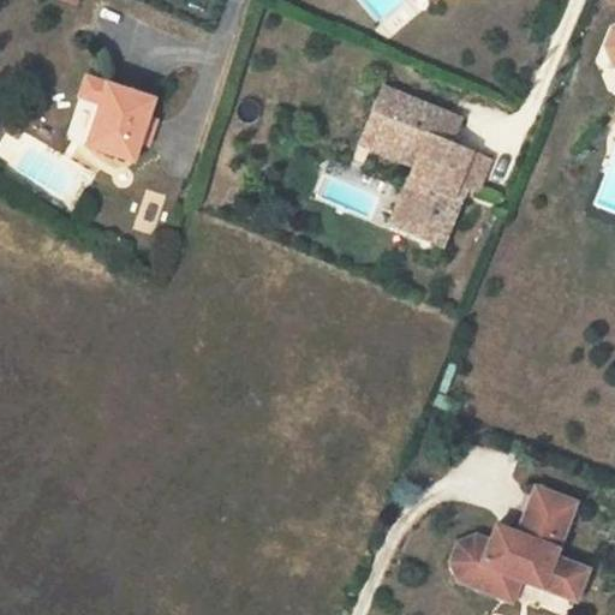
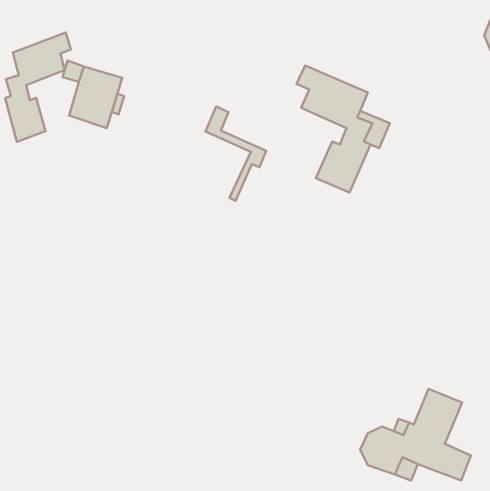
building: none -> [5,33,71,142]
building: [359,106,435,223] -> [206,107,266,201]

